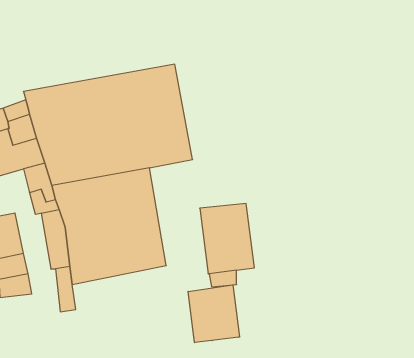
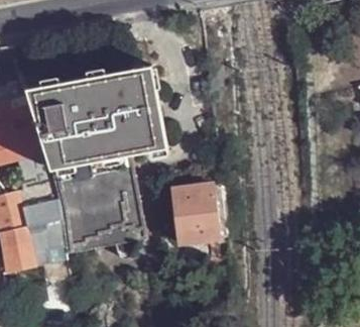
building: [188,285,240,343] -> none

